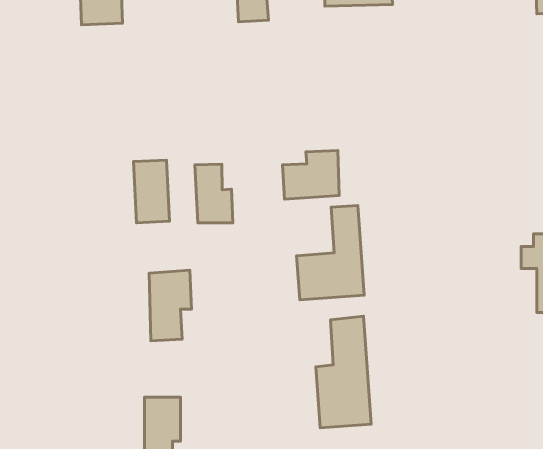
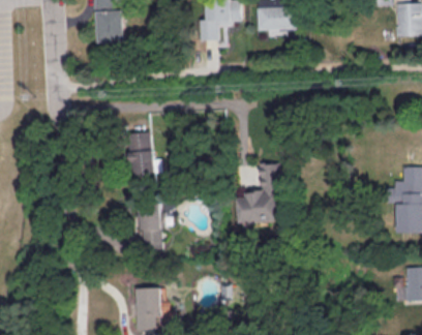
building: [283,150,339,199] -> none
building: [195,164,233,223] -> none
building: [316,316,371,428] -> none

